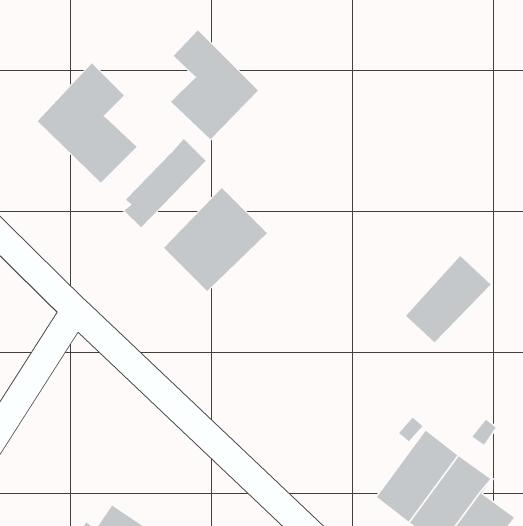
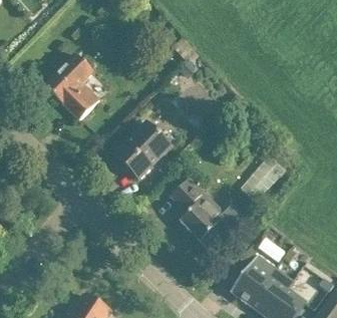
building: [170,30,259,140] -> none
building: [123,138,207,228] -> none
building: none -> [171,177,245,240]

